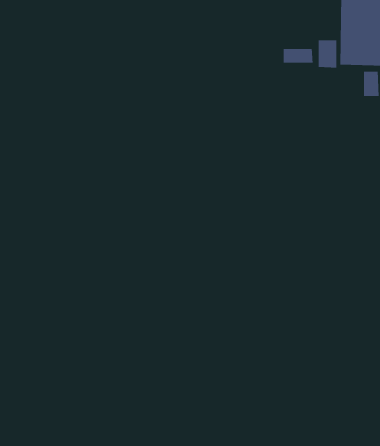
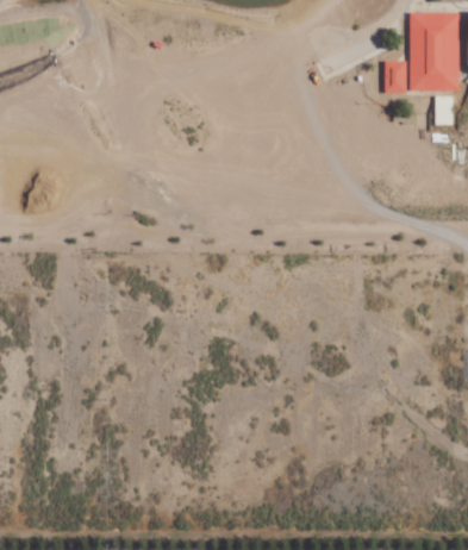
building: [283,48,314,64] -> none

